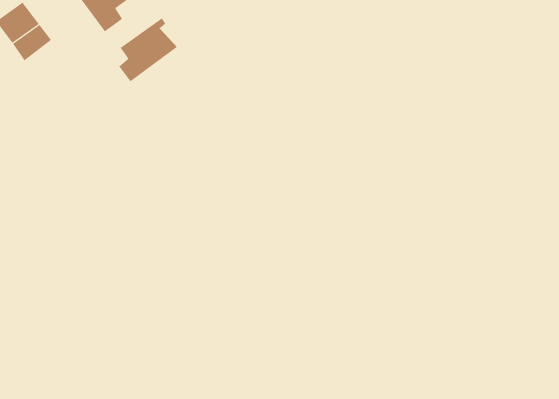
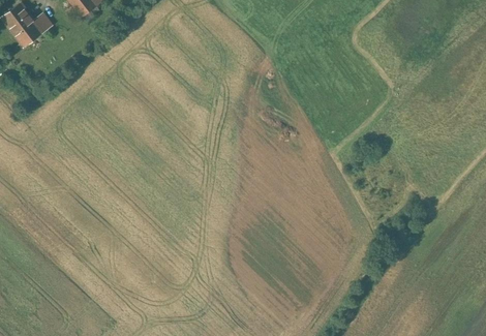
building: [118,17,178,82] -> none

